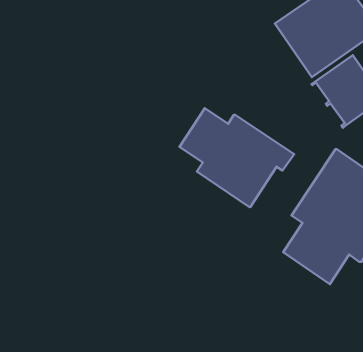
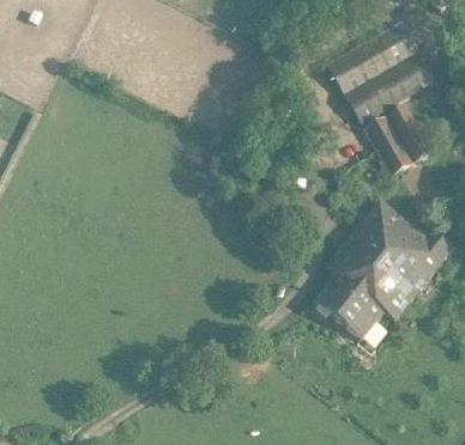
building: [179,108,294,207] -> none

